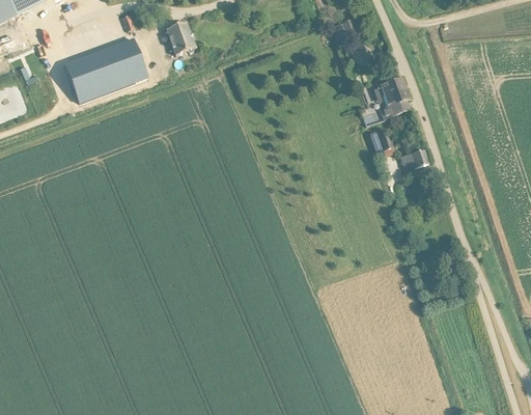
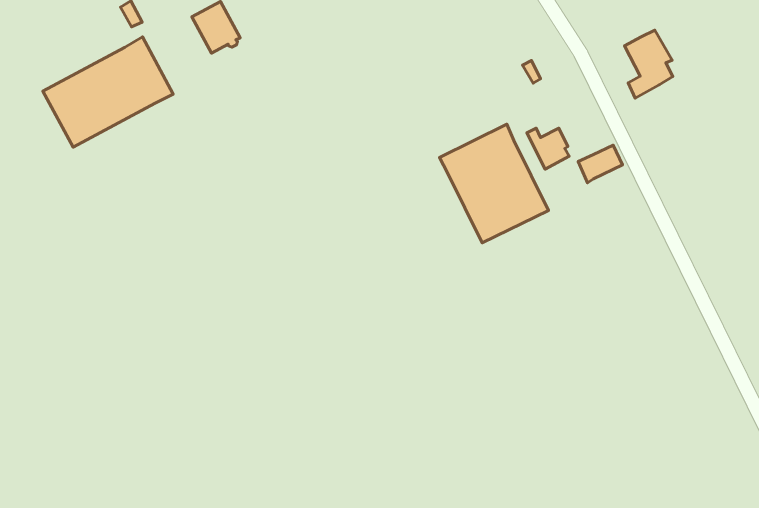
building: [380,77,410,118] -> [625,30,673,98]
building: none -> [439,124,548,243]

